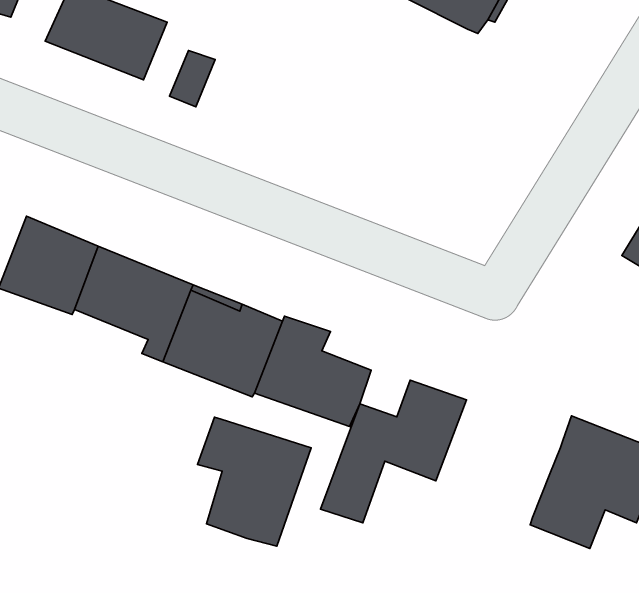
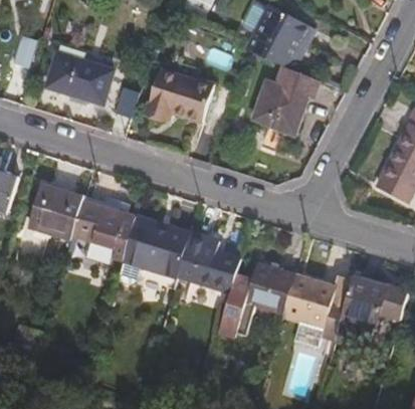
building: none -> [147,69,216,121]
building: none -> [252,63,318,135]
building: none -> [282,274,349,334]
building: [197,417,311,546] -> none

